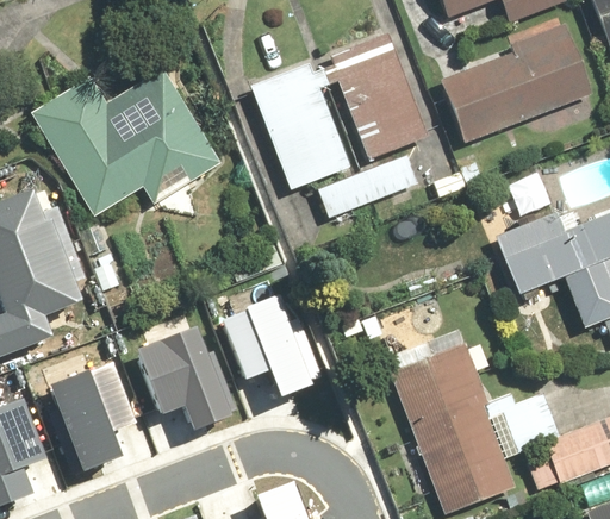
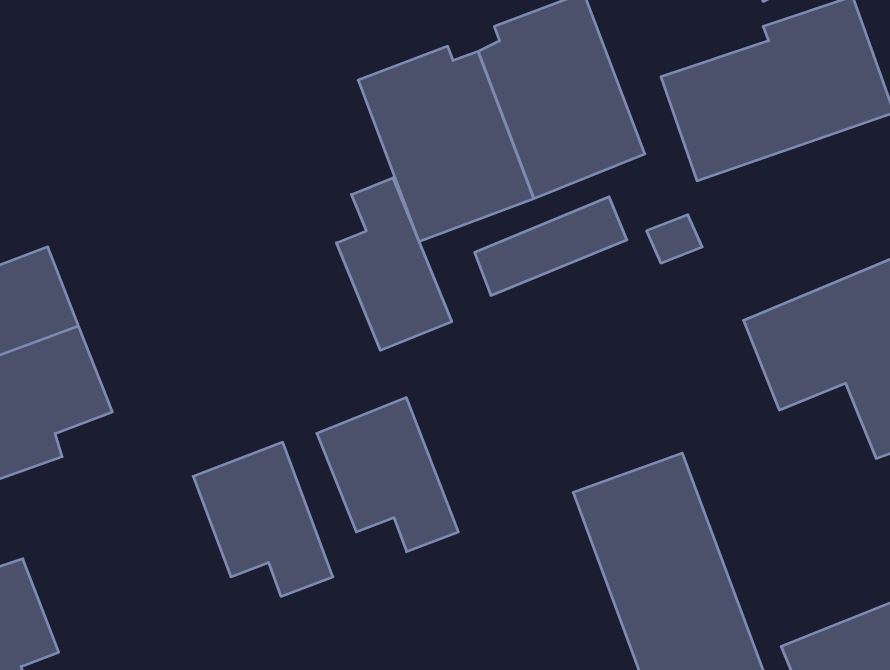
building: [32,65,226,220] -> none
building: none -> [336,178,452,350]
building: [50,361,135,462] -> none

